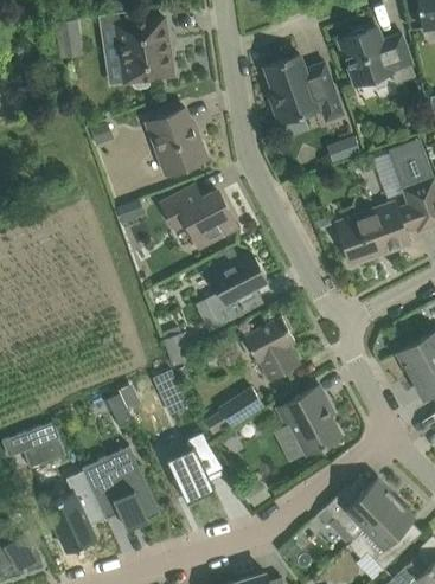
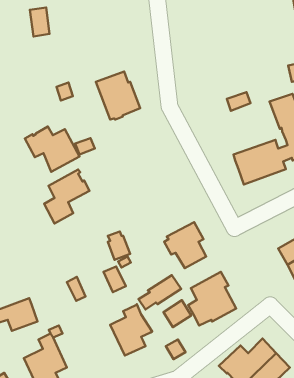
building: [116,18,173,90] -> none
building: [339,27,415,85] -> none
building: [264,54,344,122] -> none
building: [162,185,238,248] -> [25,127,79,172]
building: [204,252,267,327] -> [44,170,89,223]
building: none -> [164,300,191,327]
building: [103,462,159,527] -> none

